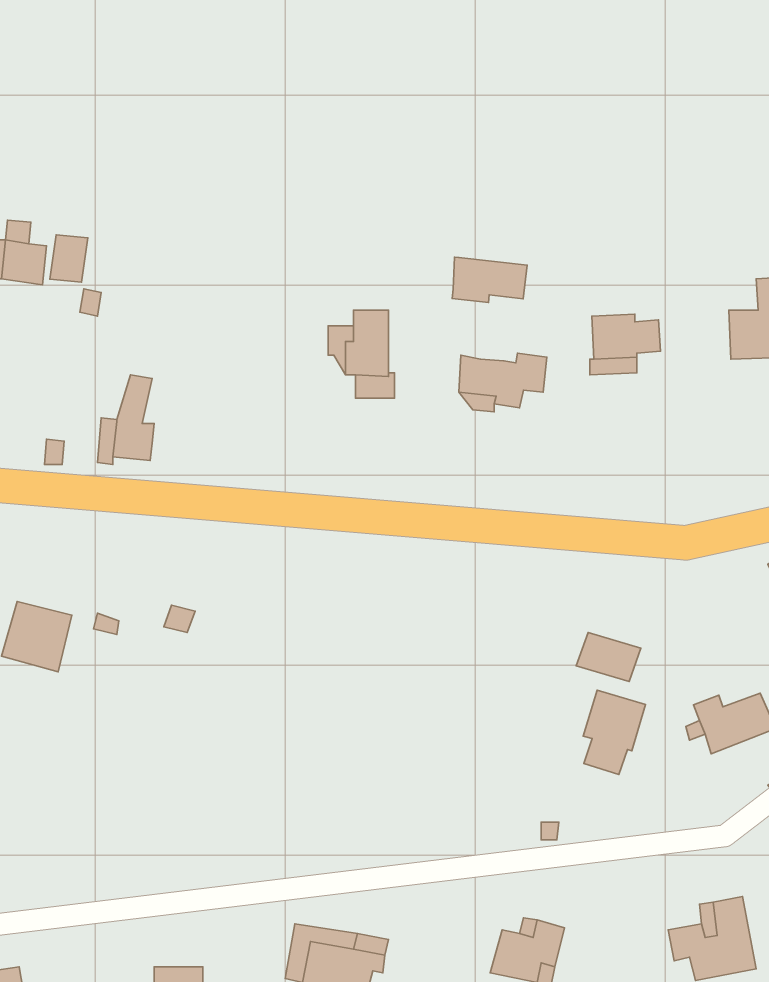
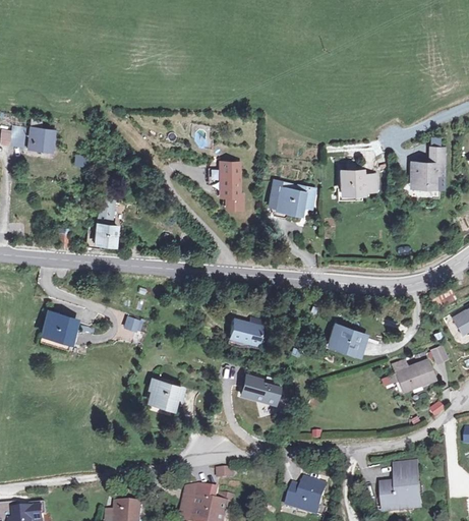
building: [50,235,88,282] -> none
building: [452,257,527,302] -> none
building: none -> [227,320,260,346]
building: [583,690,646,775] -> none
building: none -> [239,377,278,406]
building: none -> [151,378,185,409]

